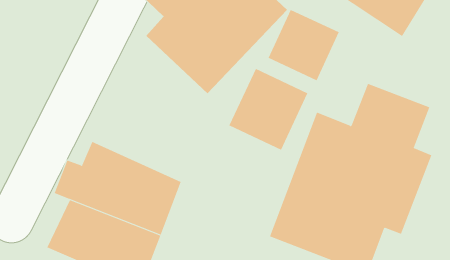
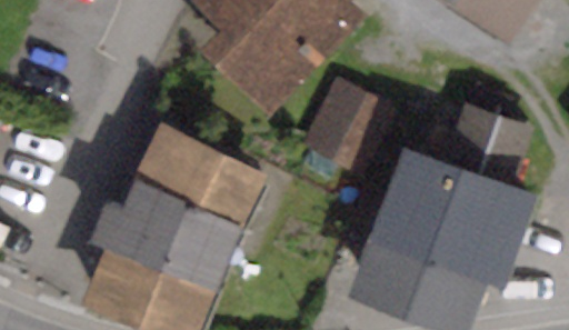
building: [268,9,339,81] -> none
building: none -> [133,120,271,222]

